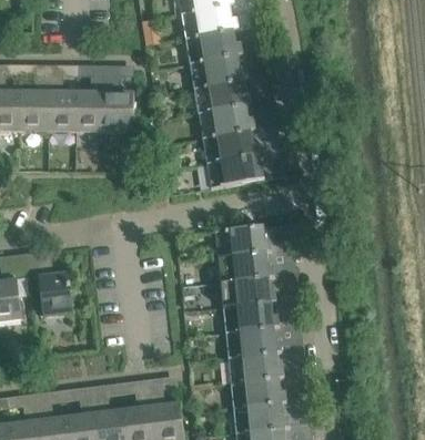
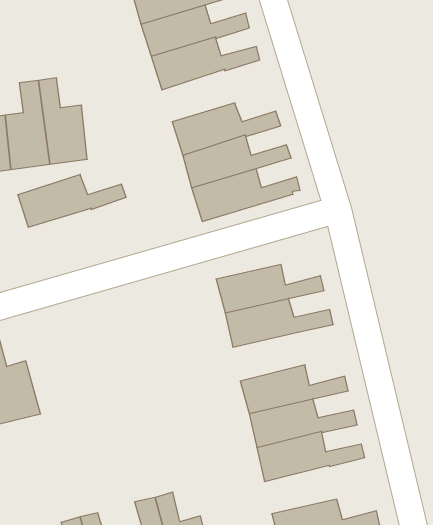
building: [193,79,272,112] -> [18,174,126,227]
building: [220,277,297,307] -> none
building: [230,377,307,407] -> none

